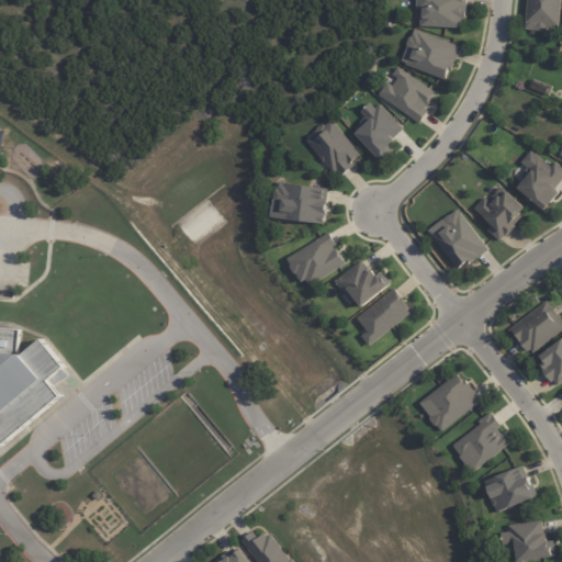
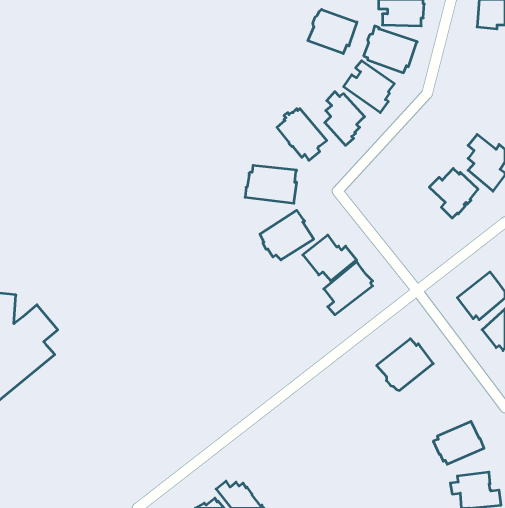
building: none -> [308,9,357,54]
building: [428,209,488,270] -> none
building: [450,412,506,472] -> none

